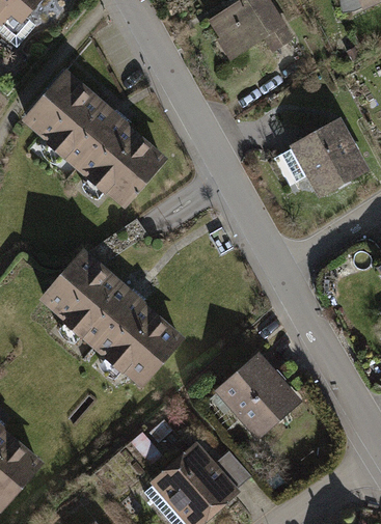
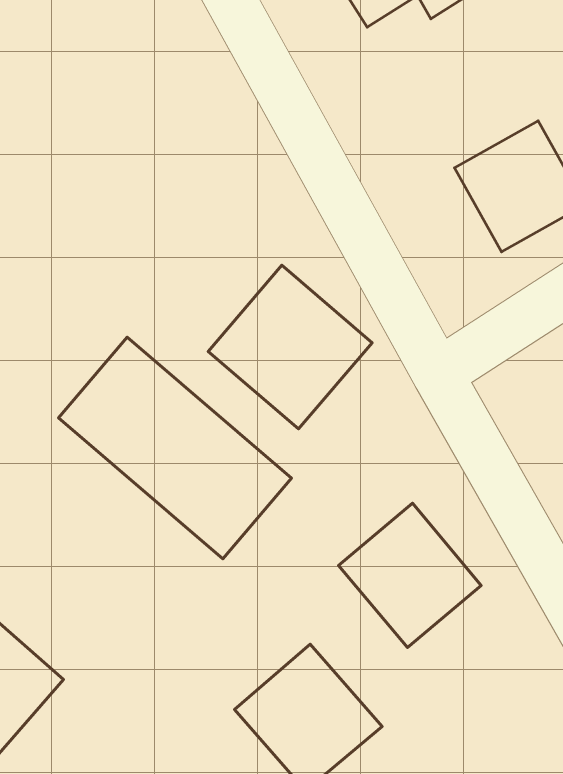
building: [24,70,170,208] -> none
building: none -> [208,265,372,429]

